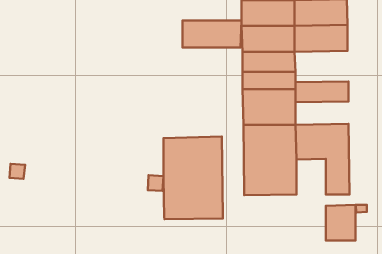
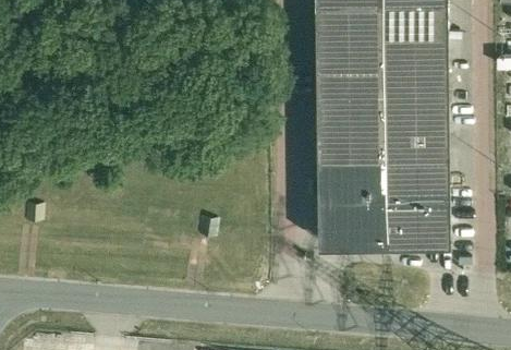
building: [182,20,242,48] -> none
building: none -> [381,67,449,106]
building: none -> [382,130,449,159]
building: [163,137,223,219] -> none
building: [326,205,355,240] -> [384,202,421,246]

